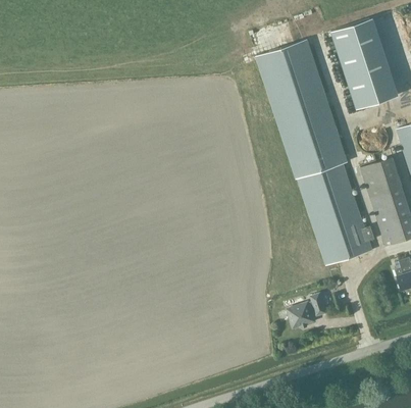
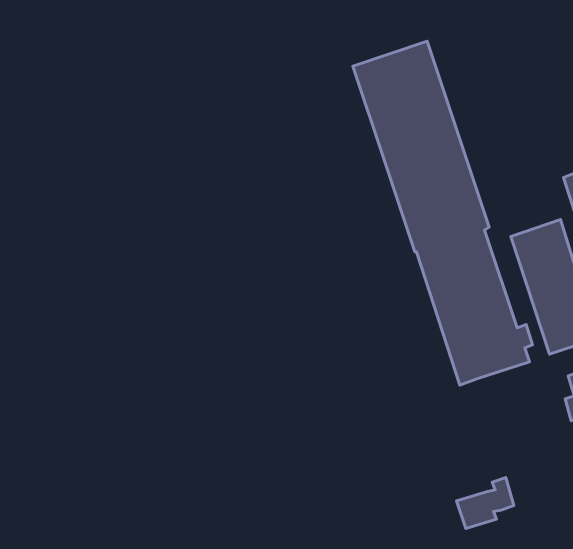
building: [330,18,395,109] -> none
building: [287,294,324,327] -> [456,478,514,529]

